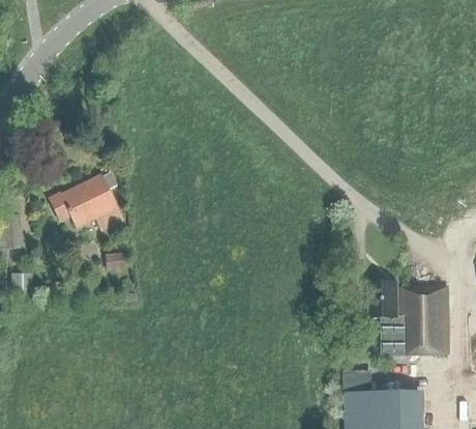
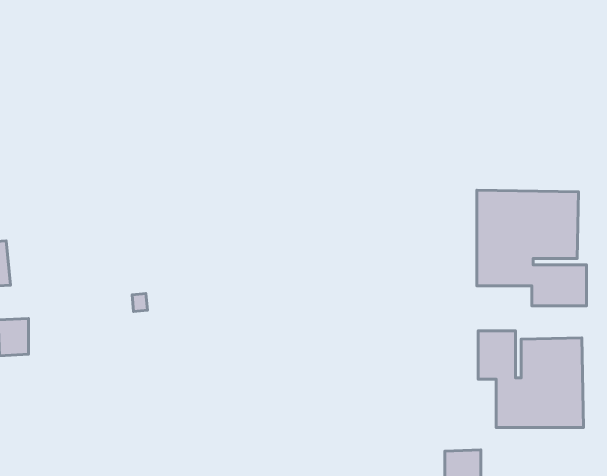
building: [49,173,121,231] -> none
building: none -> [477,190,586,306]

